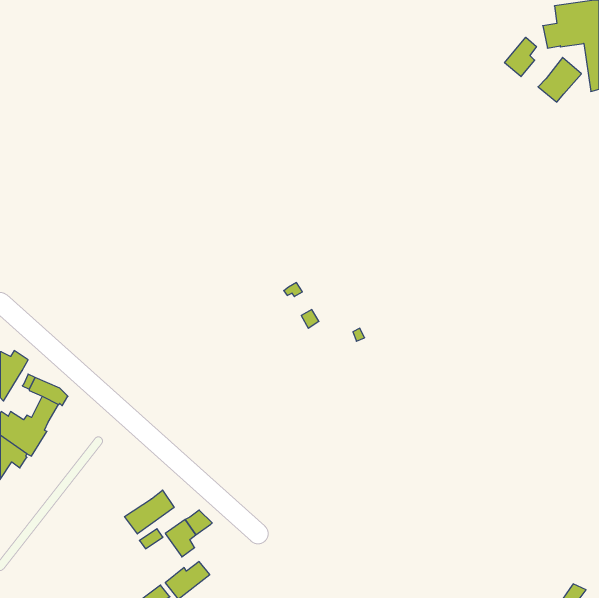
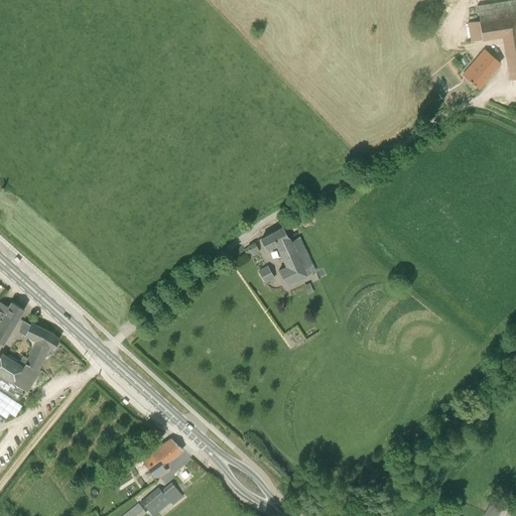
building: [505,37,536,77] -> none
building: none -> [261,228,315,286]
building: [125,490,174,534] -> none

